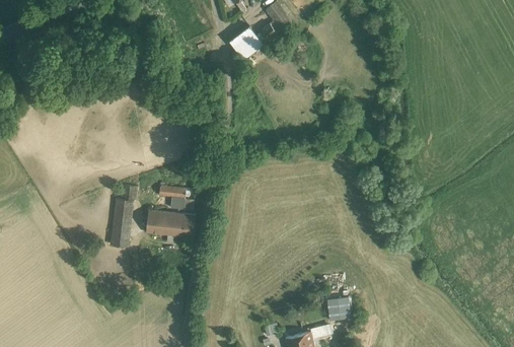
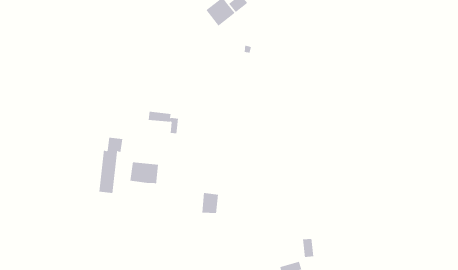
building: [159,186,194,211] -> [148,111,179,134]
building: [175,214,195,237] -> [201,193,219,214]

